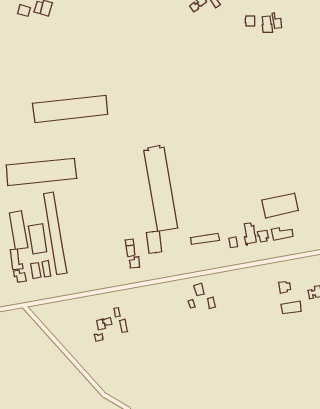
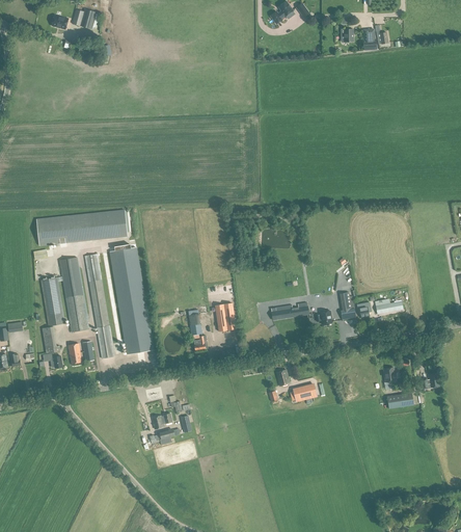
building: [33,95,107,123] -> none
building: [144,146,178,231] -> [109,244,153,353]
building: [262,193,298,218] -> none
building: none -> [58,257,83,296]

